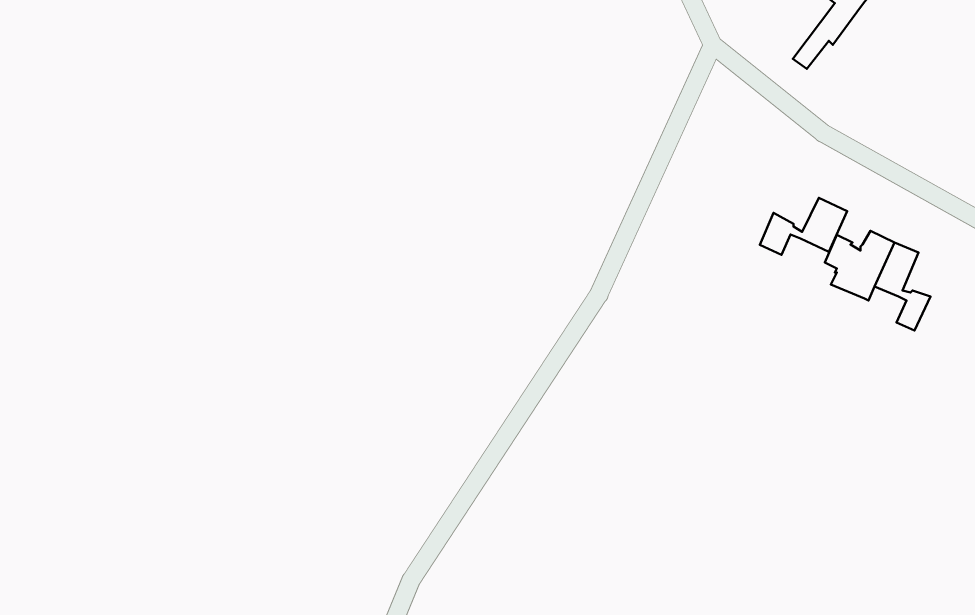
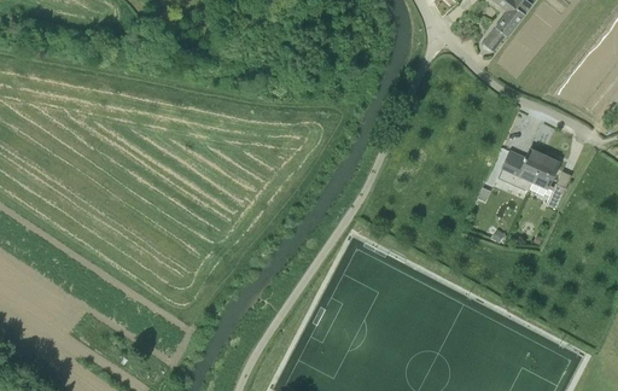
building: [760,198,847,255] -> none

